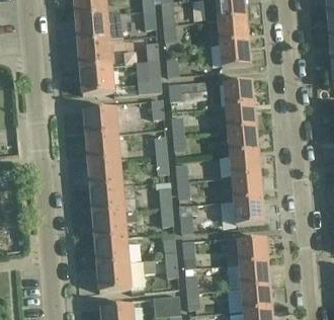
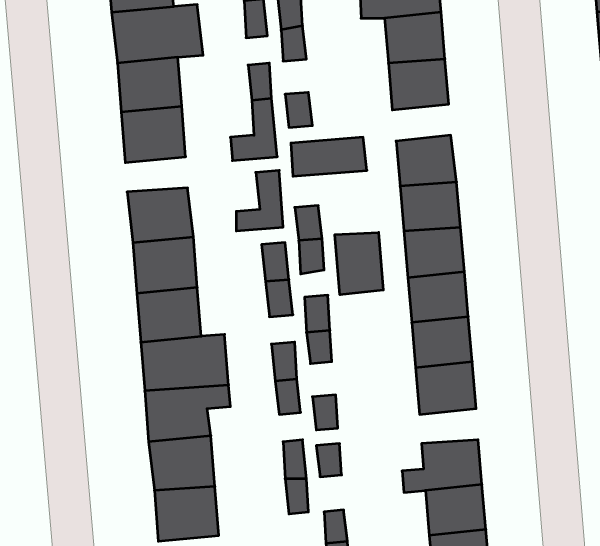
building: none -> [335,232,383,295]

